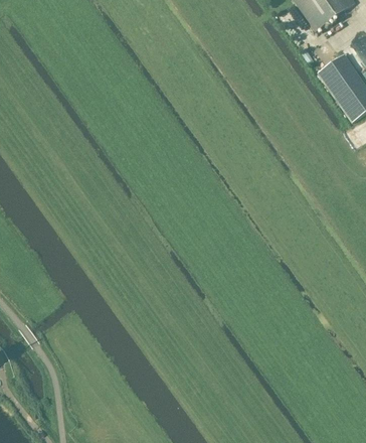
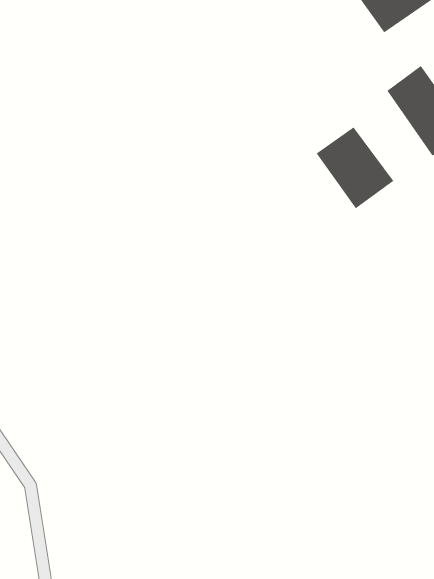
building: none -> [316,126,394,209]

